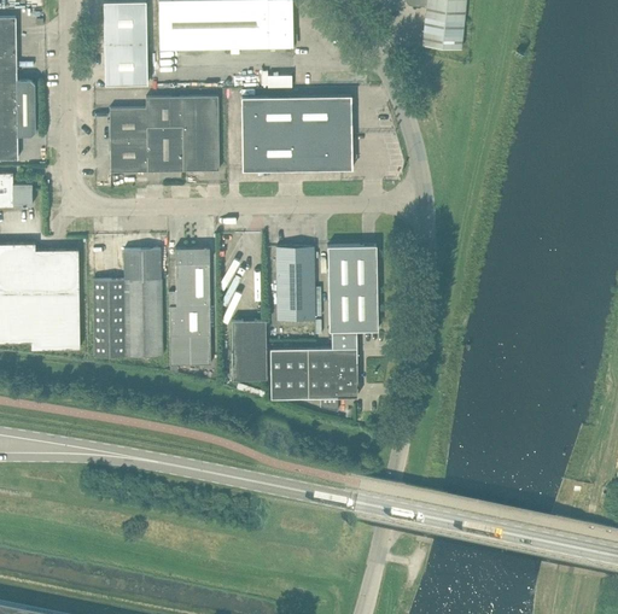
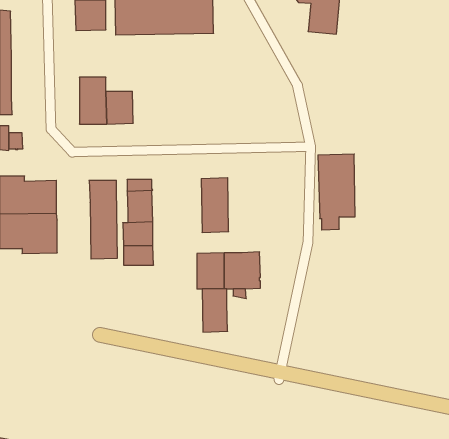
building: [105,43,147,86] -> none
building: [17,81,35,136] -> none
building: [146,97,220,171] -> none
building: [241,97,352,171] -> none
building: [327,245,378,349] -> [318,154,355,230]
building: [93,280,126,357] -> none
building: [232,321,267,380] -> [202,289,228,332]

